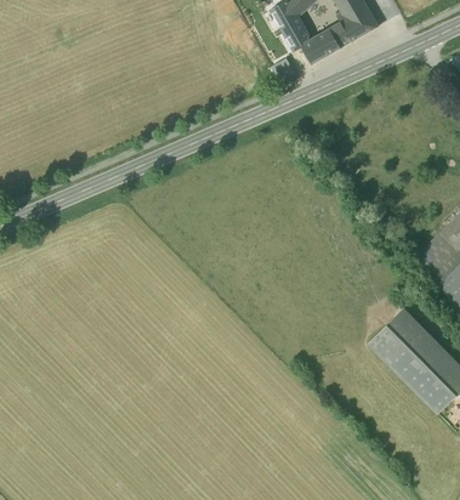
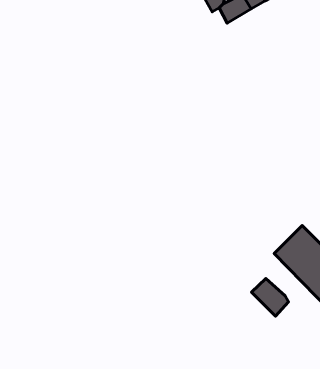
building: none -> [252,278,289,316]

